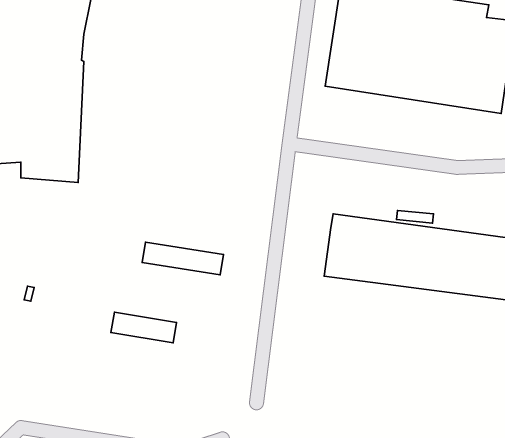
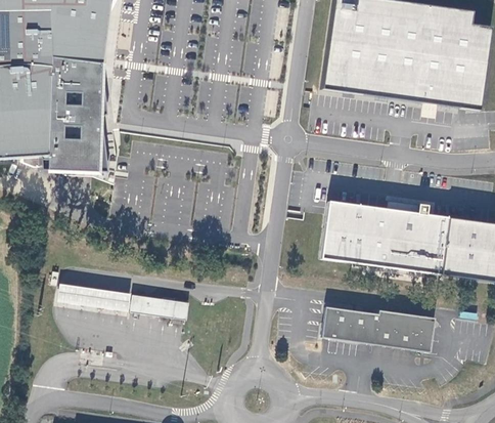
building: [142,242,223,275] -> [54,281,128,310]
building: none -> [321,306,436,352]

